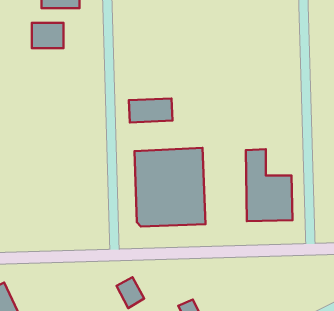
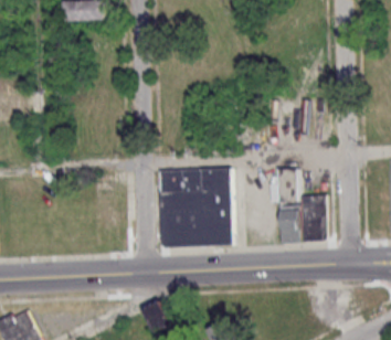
building: [32,23,63,48] -> none
building: [129,98,172,122] -> none

